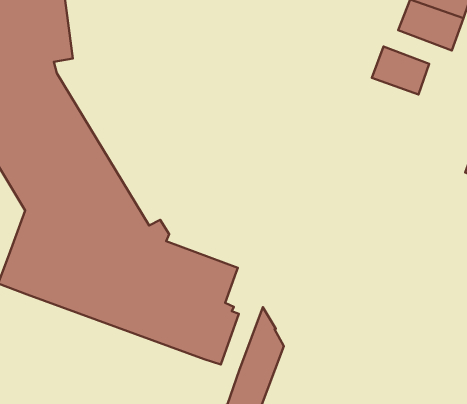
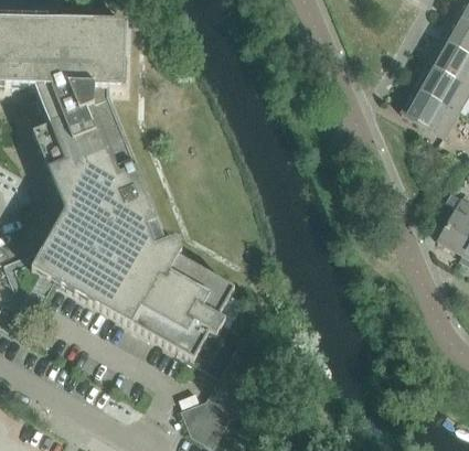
building: [372,46,429,94] -> none

